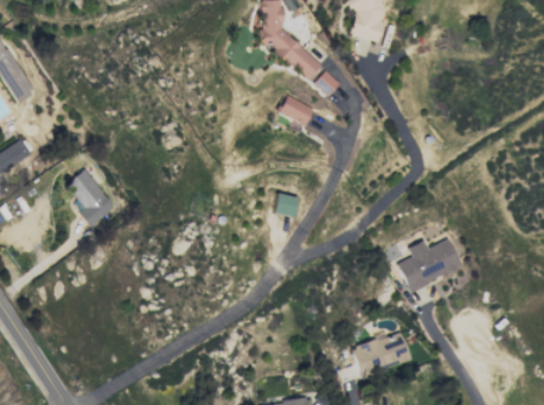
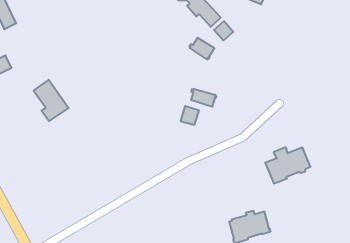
building: none -> [191,89,216,107]

